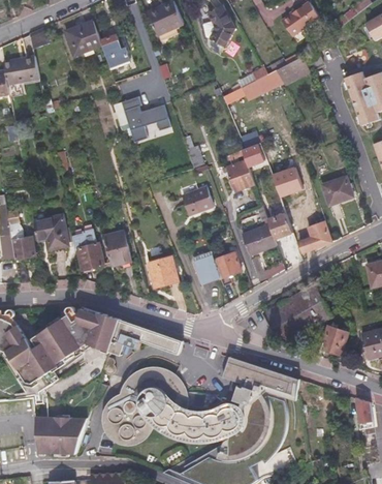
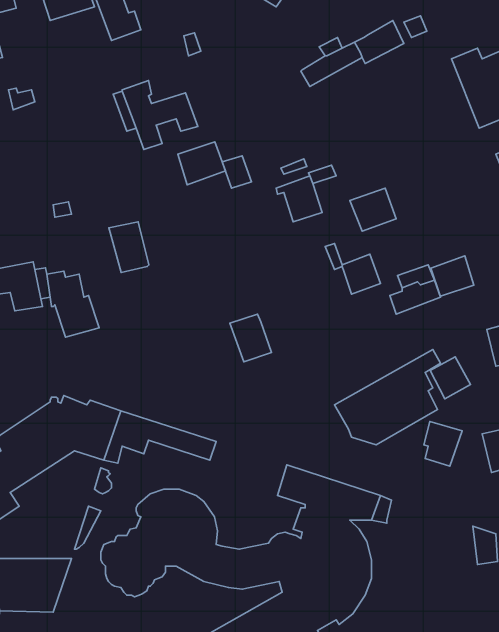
building: [323,177,352,204] -> [431,256,474,296]
building: [182,187,214,216] -> [178,142,225,185]
building: [242,223,277,254] -> none
building: [103,231,130,265] -> [109,222,149,273]
building: [213,252,241,285] -> none
building: [148,256,178,288] -> none
building: none -> [430,357,471,399]

